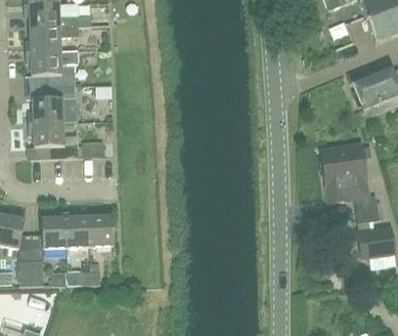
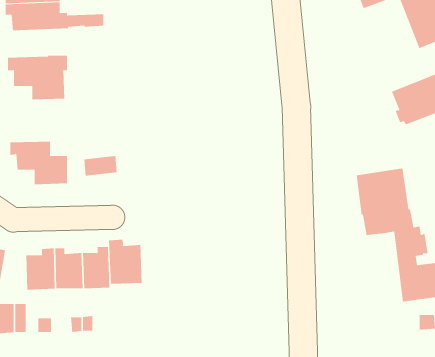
building: [26,27,79,51] -> none
building: [29,86,77,123] -> none
building: none -> [109,239,142,284]

